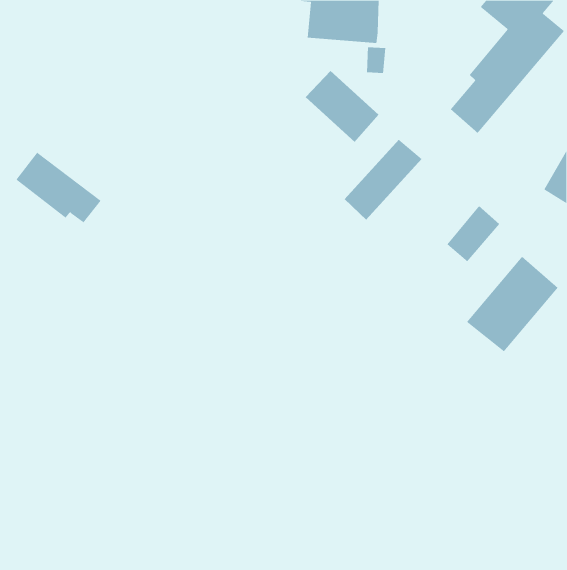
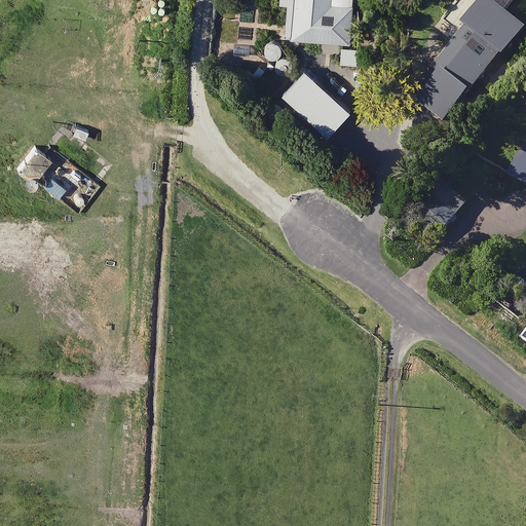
building: [344,139,423,221] -> none
building: [466,256,559,352] -> none

